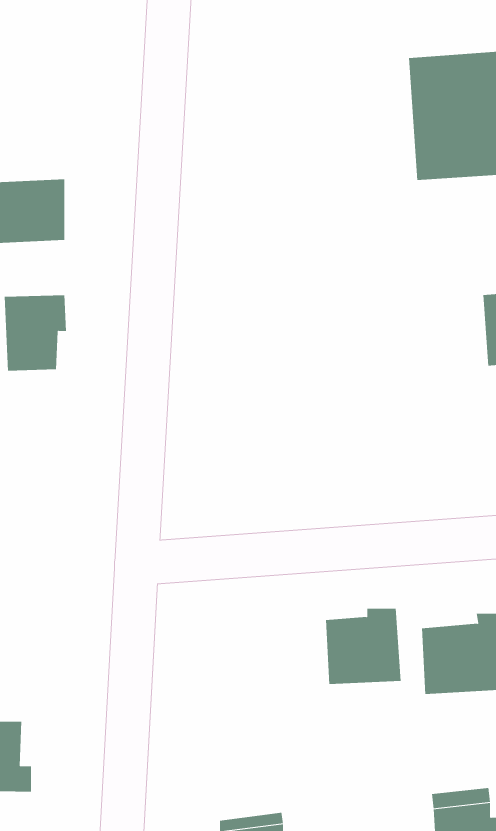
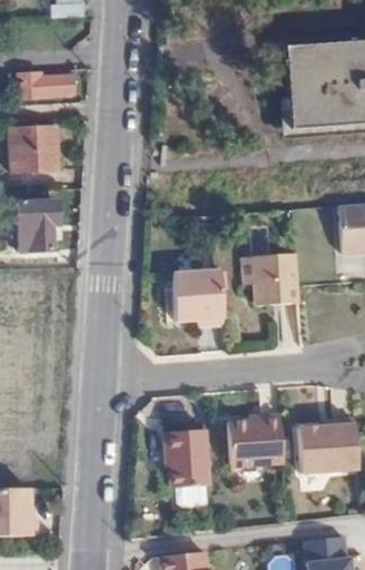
building: none -> [21,72,77,97]
building: none -> [241,250,299,304]
building: none -> [171,268,224,323]
building: none -> [164,428,210,488]

